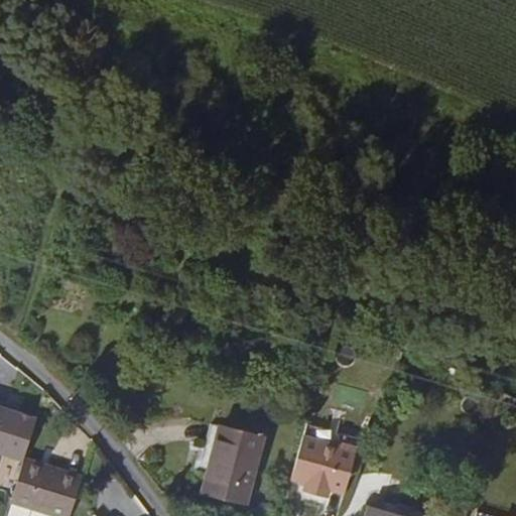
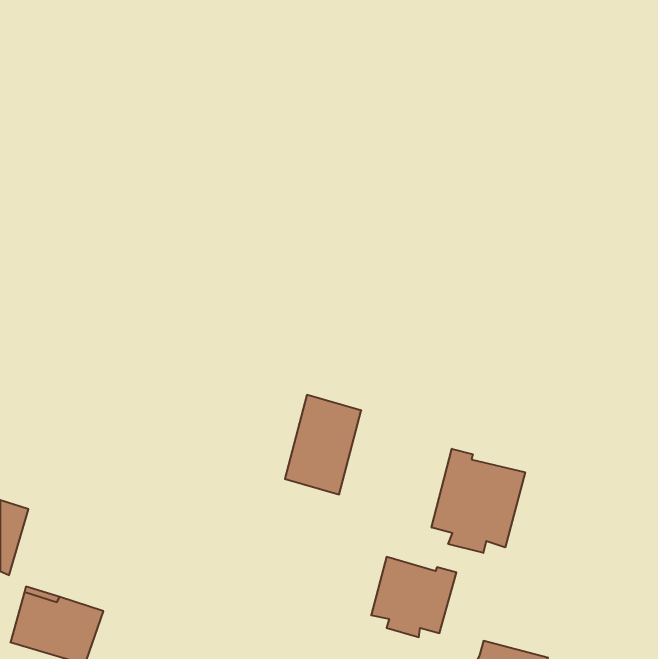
building: none -> [432,449,525,553]
building: [203,426,262,504] -> [285,395,361,494]

